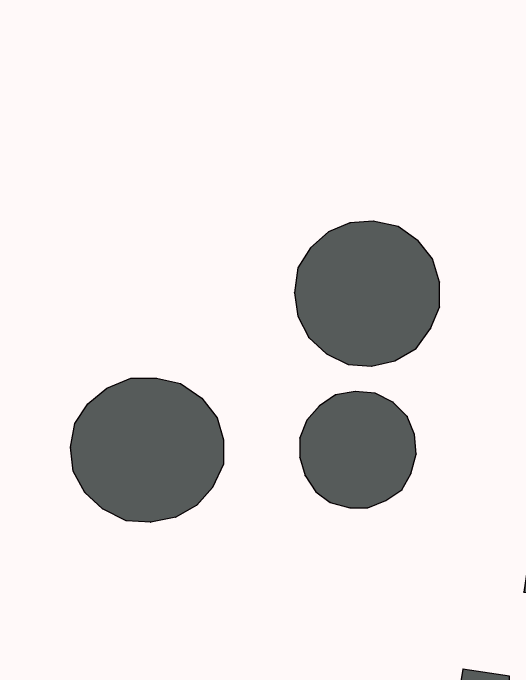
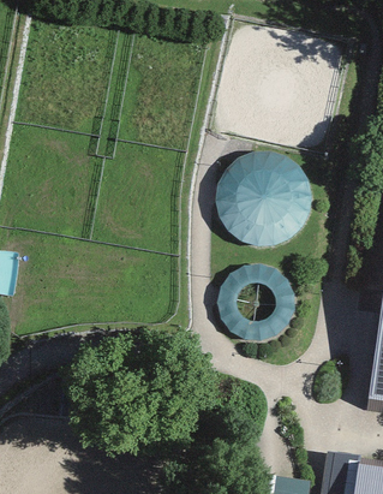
building: [71,378,224,522] -> none

